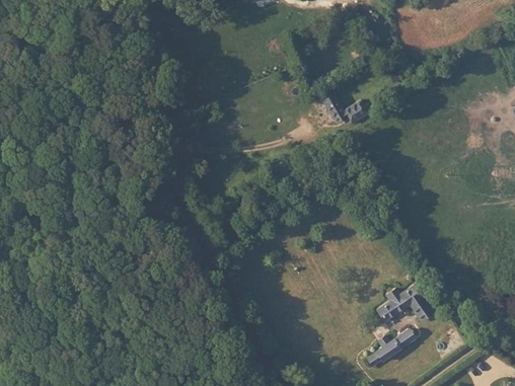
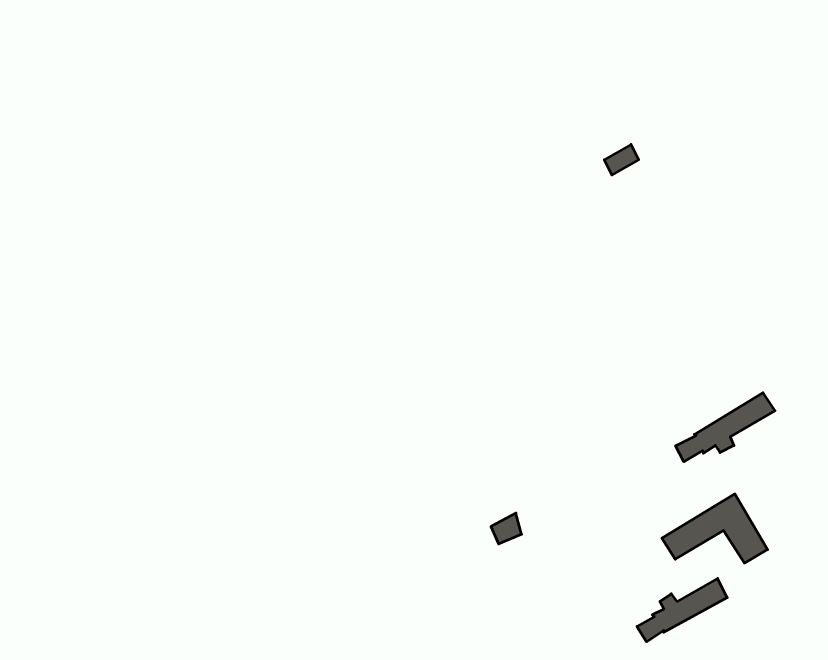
building: none -> [676,393,775,462]

